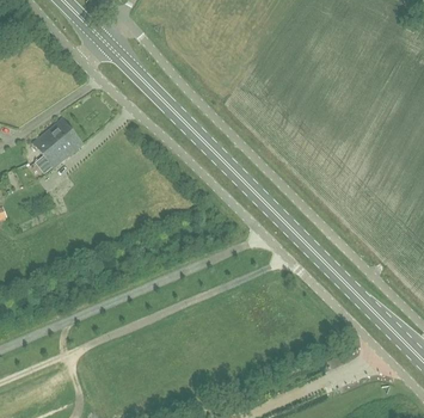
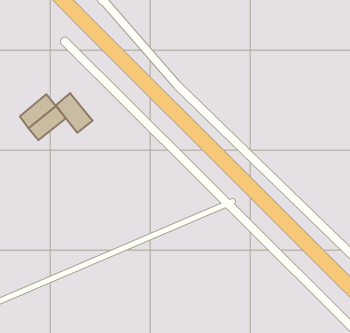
building: none -> [56,93,93,133]

